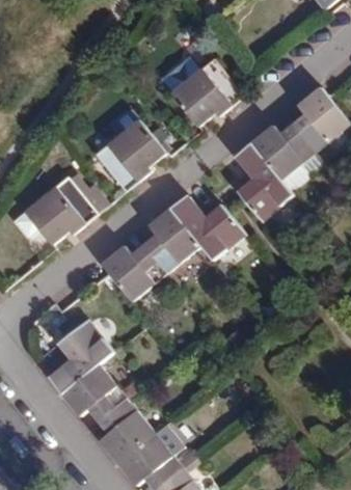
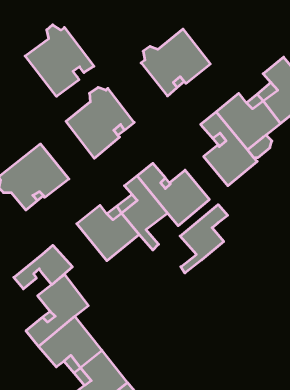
building: none -> [25,25,94,96]
building: none -> [180,205,228,273]
building: none -> [14,245,72,289]

